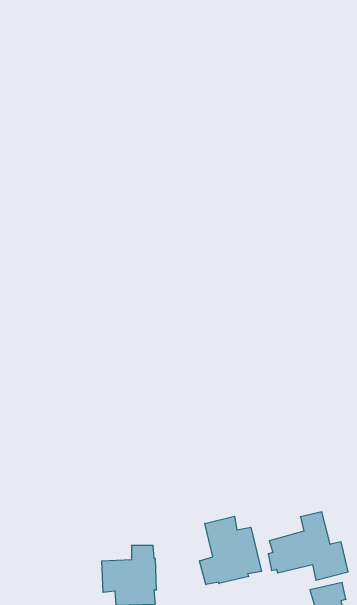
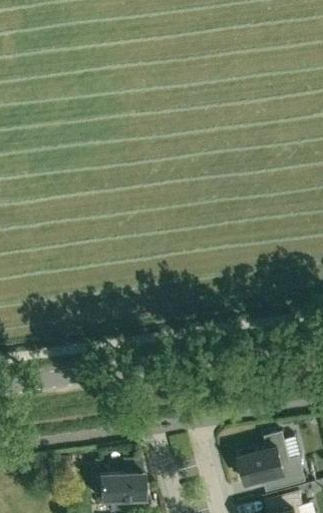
building: [199,516,262,585] -> none

